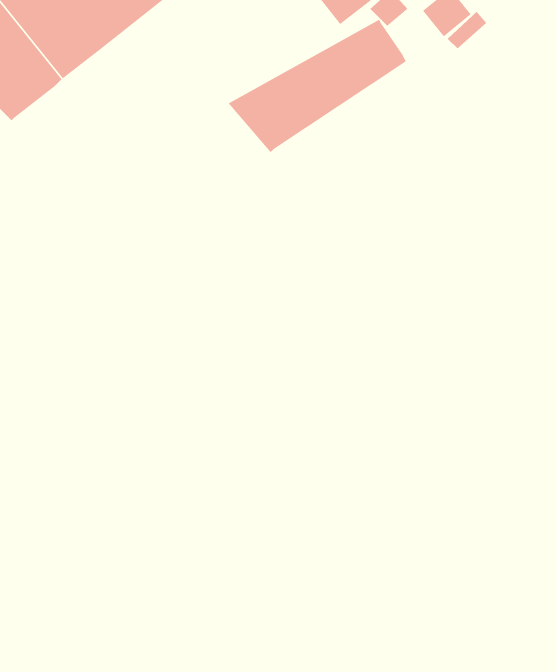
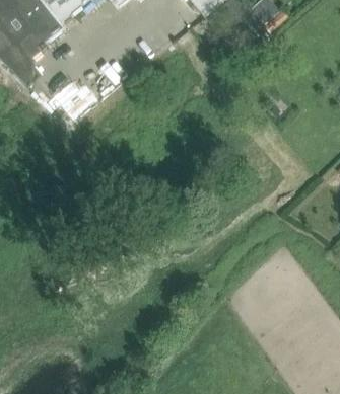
building: [228,19,406,153] -> none

